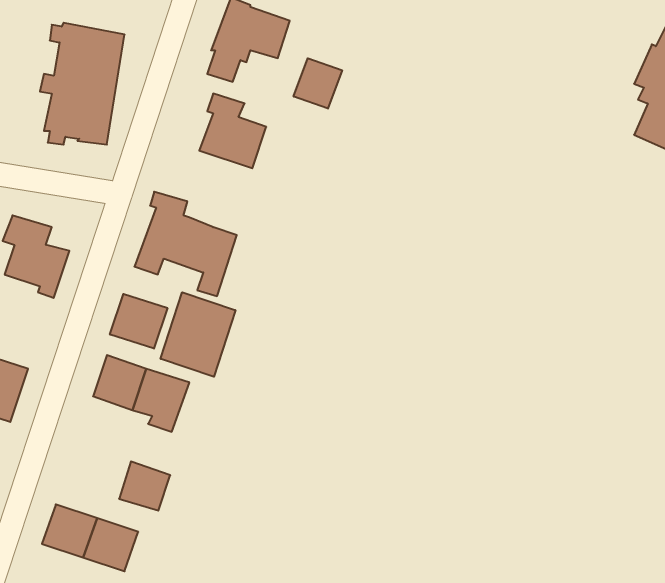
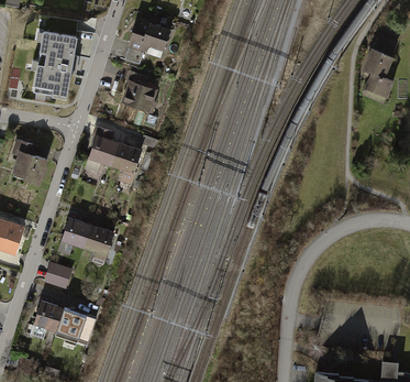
building: [294,58,342,109] -> none
building: [161,292,235,377] -> none
building: [110,294,167,349] -> none
building: [119,461,170,511] -> [43,261,71,288]

